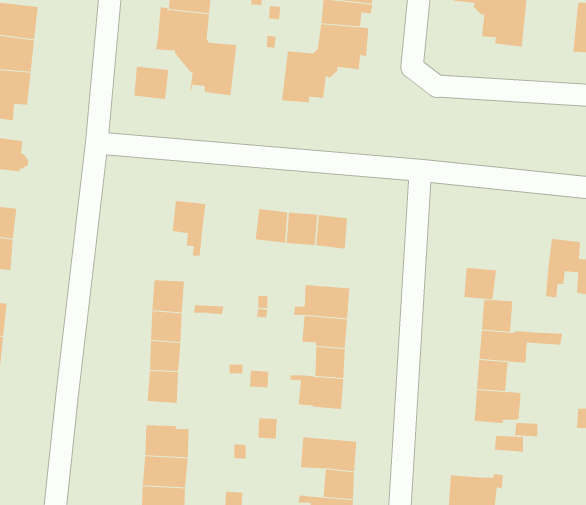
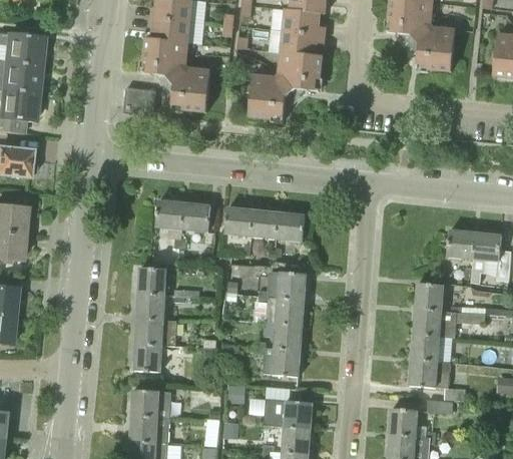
building: none -> [181,202,210,231]
building: [464,268,497,300] -> [447,230,475,257]
building: none -> [390,409,417,433]

